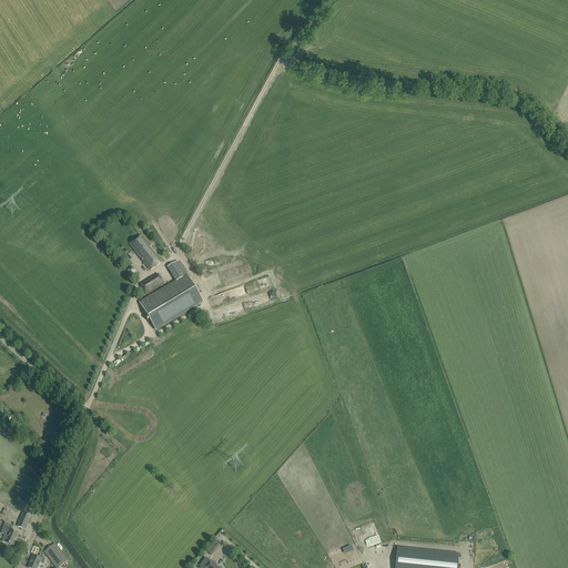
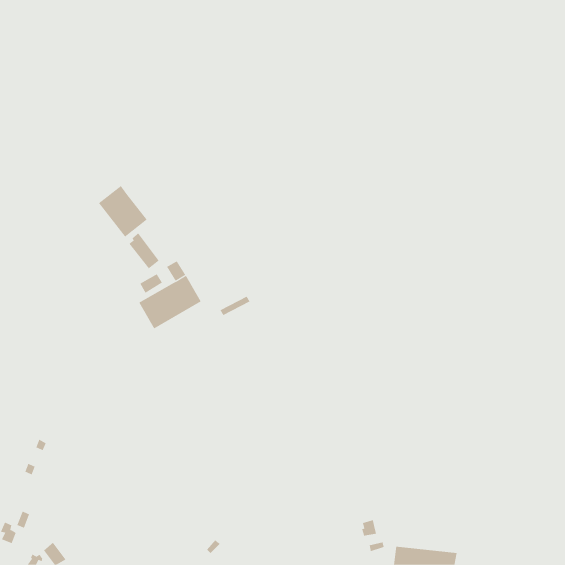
building: none -> [98,185,148,237]

